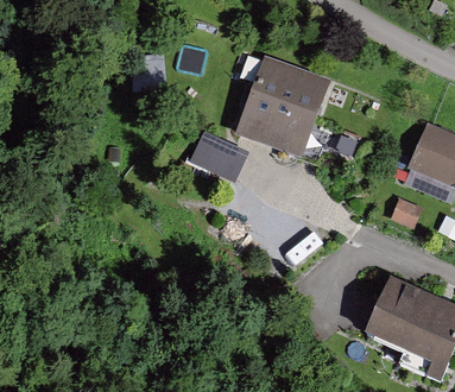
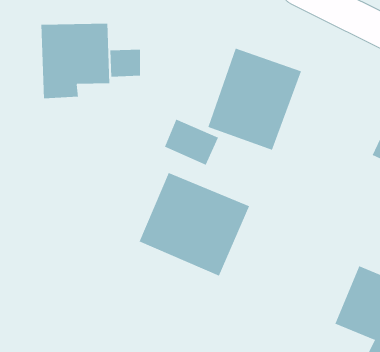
building: none -> [41,23,110,99]
building: none -> [139,172,250,277]

